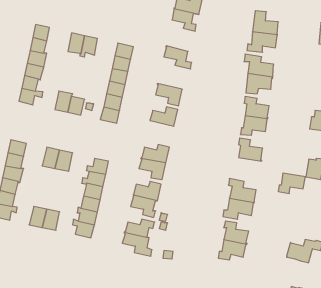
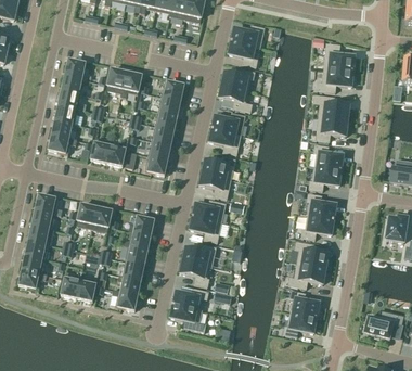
building: none -> [222,67,255,90]
building: none -> [211,112,245,135]
building: none -> [199,171,231,197]
building: [278,173,306,193] -> [301,215,334,239]

